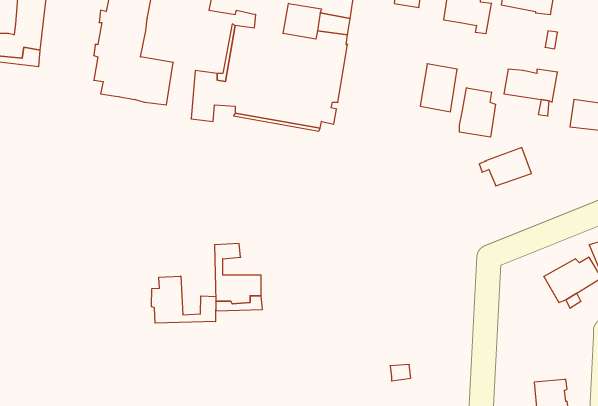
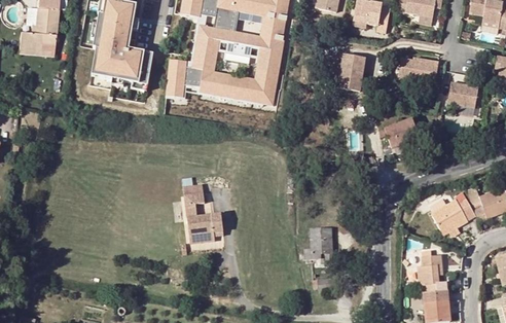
building: [459,88,495,137] -> none
building: [151,276,216,323] -> none
building: none -> [303,228,331,263]
building: none -> [417,255,446,292]

